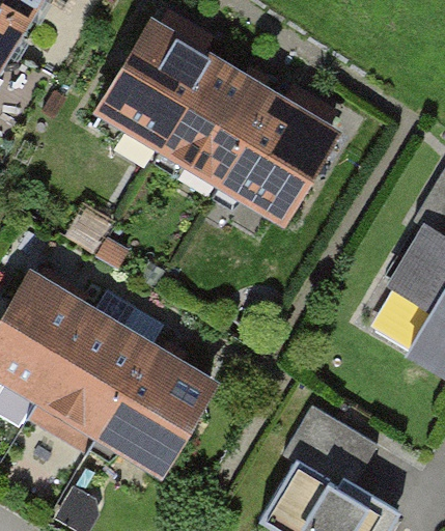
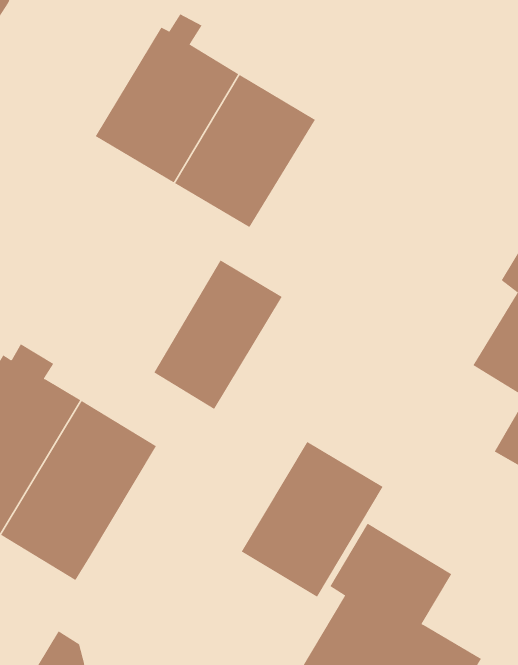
building: [221,99,334,218] -> none
building: none -> [153,259,283,410]
building: [99,350,208,470] -> [241,441,384,597]

